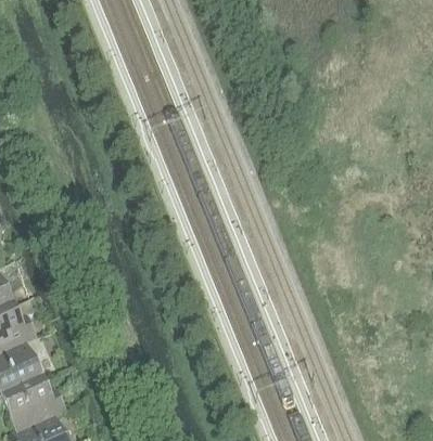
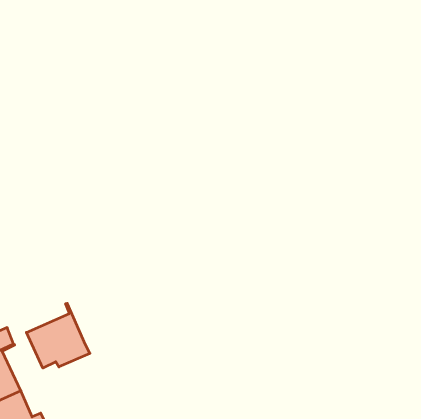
building: none -> [26,303,90,368]

